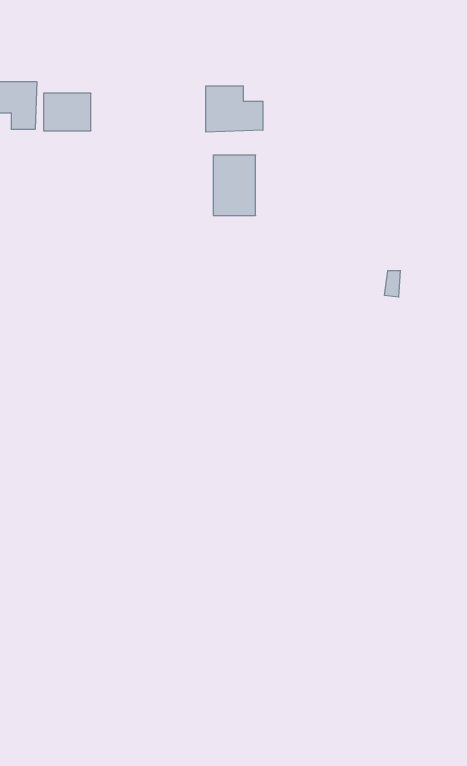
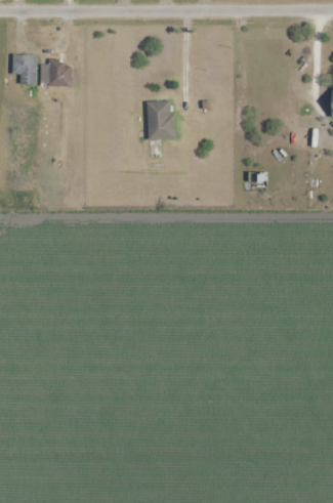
building: [206,86,263,132] -> none

